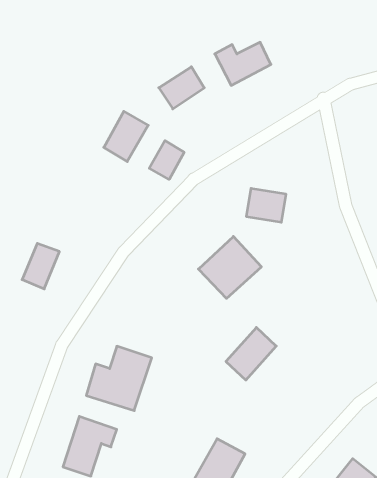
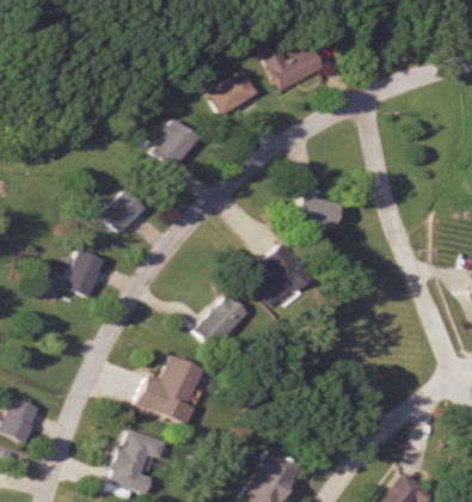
building: [149,141,184,179] -> none
building: none -> [103,191,146,234]
building: [226,327,276,380] -> [195,294,246,348]

